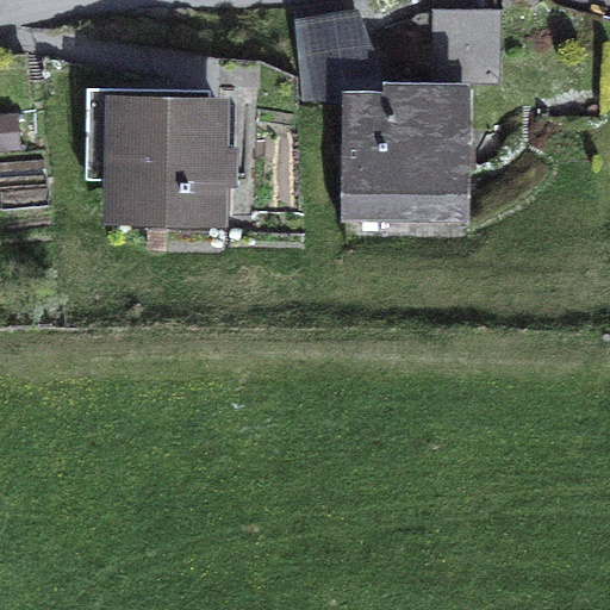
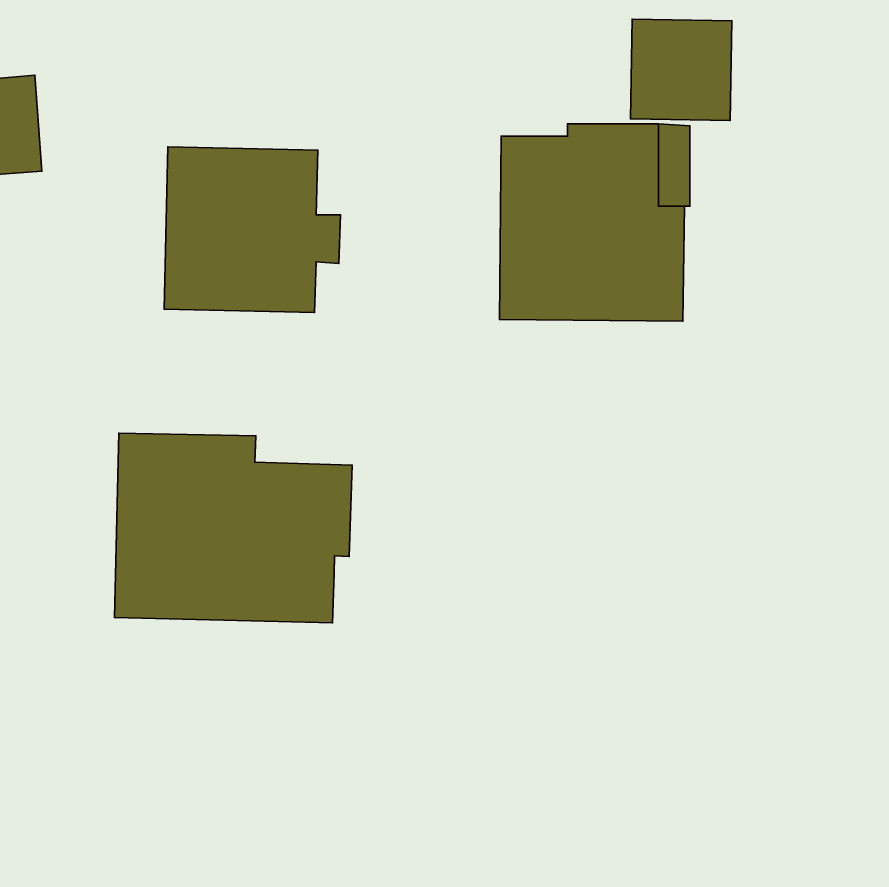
building: [295,12,375,93] -> none
building: none -> [114,433,352,623]

